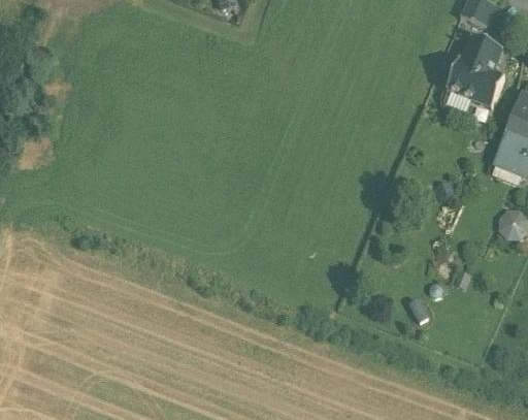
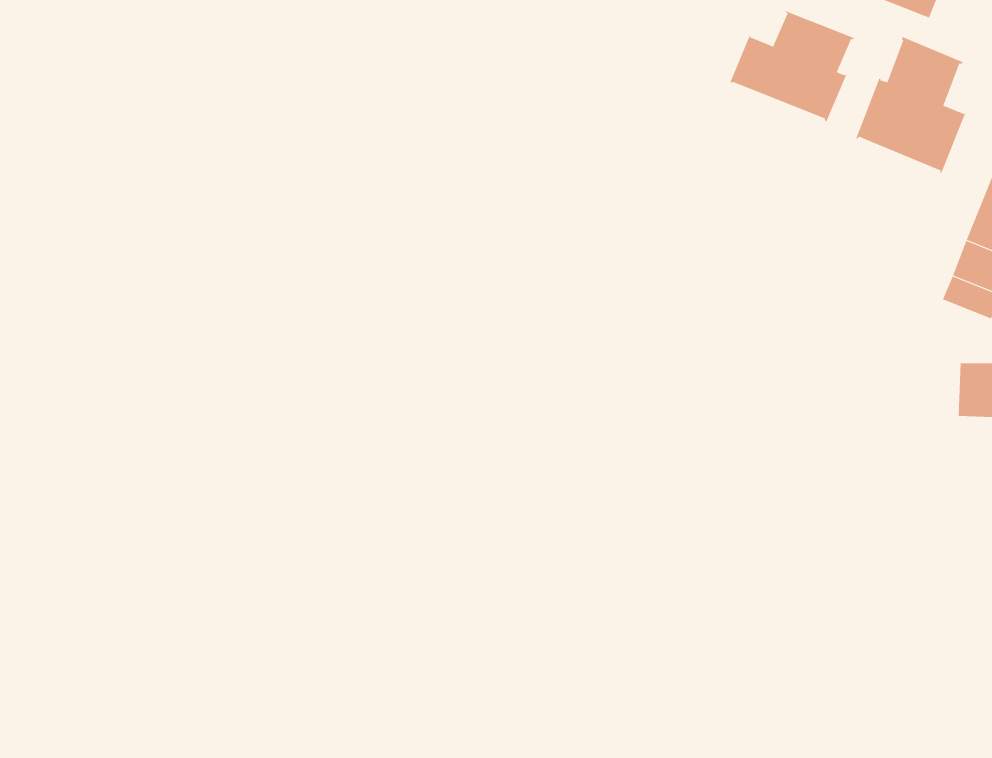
building: none -> [730,10,854,123]

